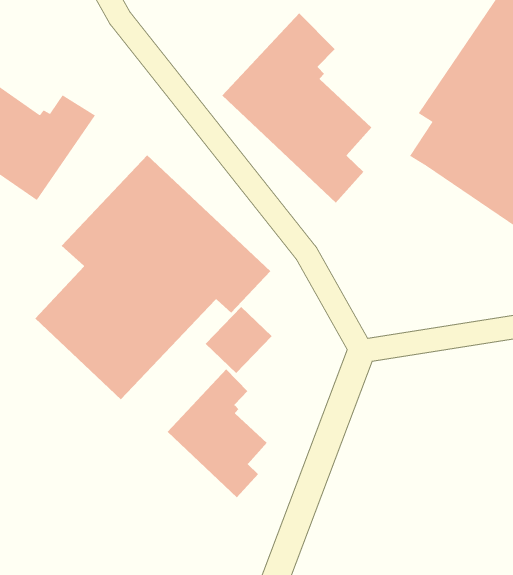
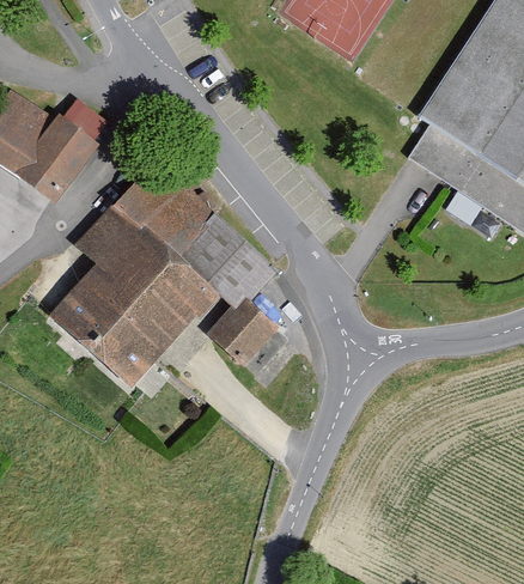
building: [221,12,372,203] -> none
building: [167,369,267,498] -> none

